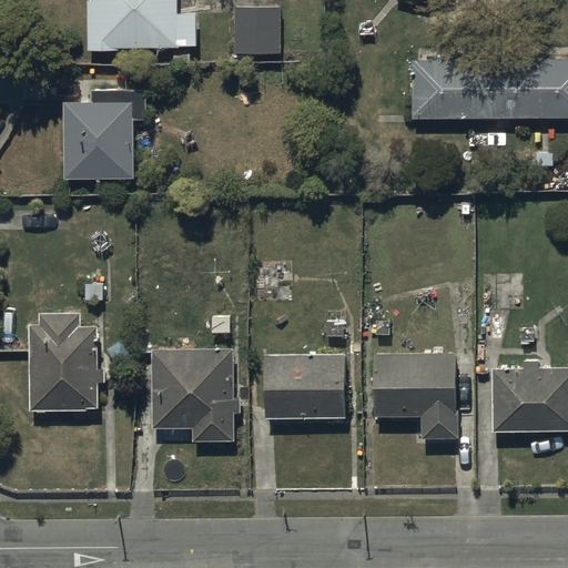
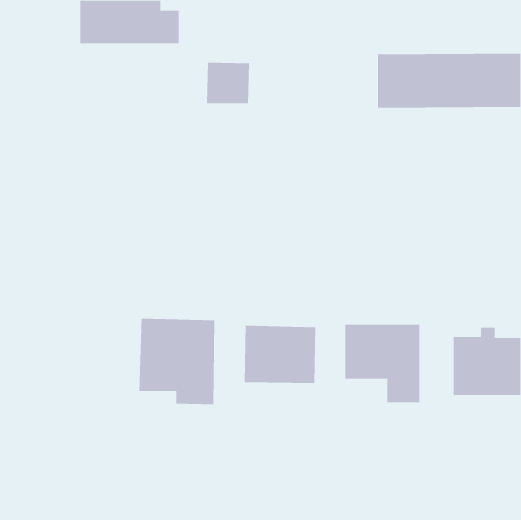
building: [234,7,282,52] -> [206,62,250,104]
building: [64,88,150,175] -> none
building: [30,313,105,410] -> none

